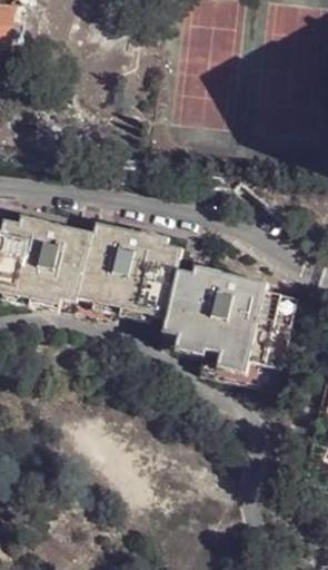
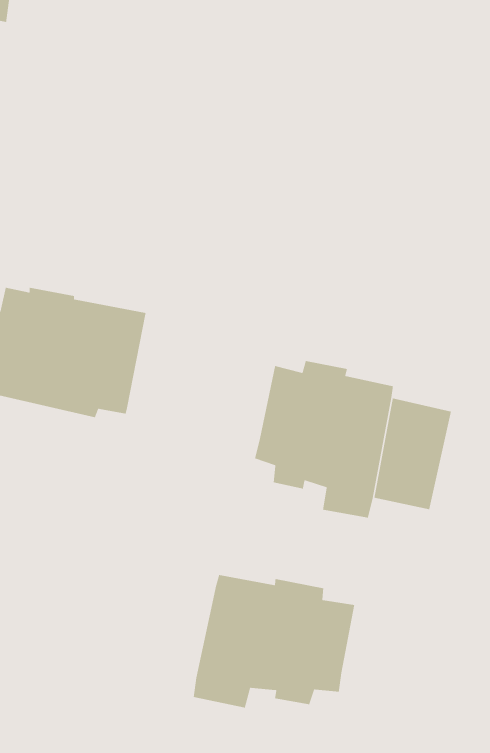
building: [85,222,186,317] -> none
building: none -> [193,574,355,709]

